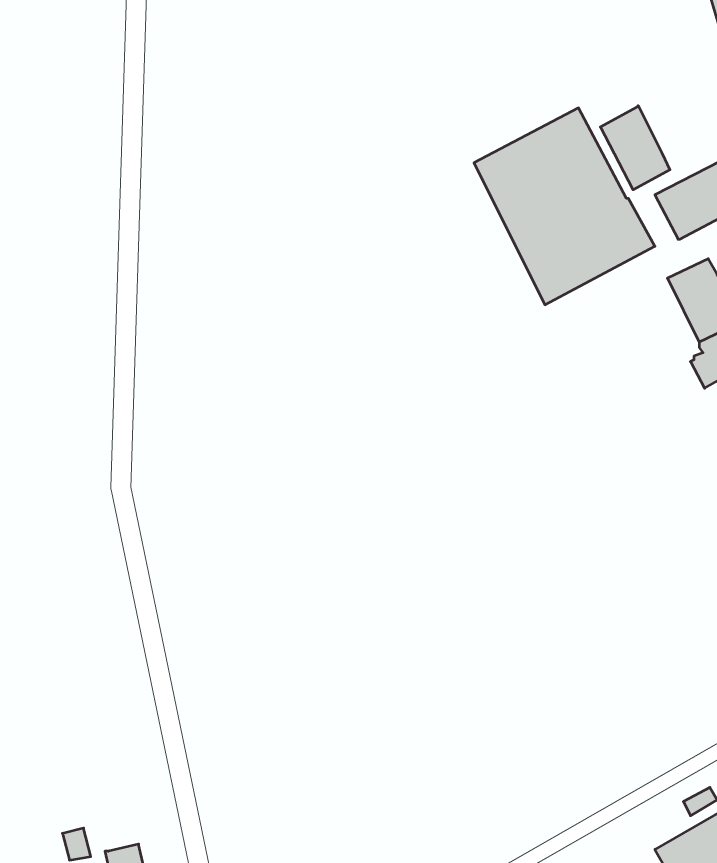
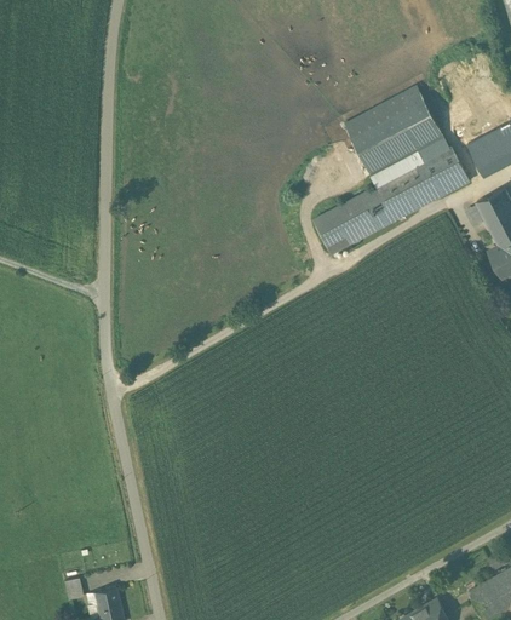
building: [600,106,670,190] -> none
building: none -> [312,186,392,253]

